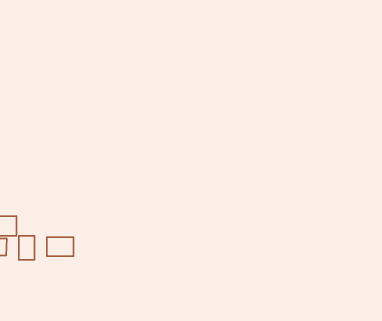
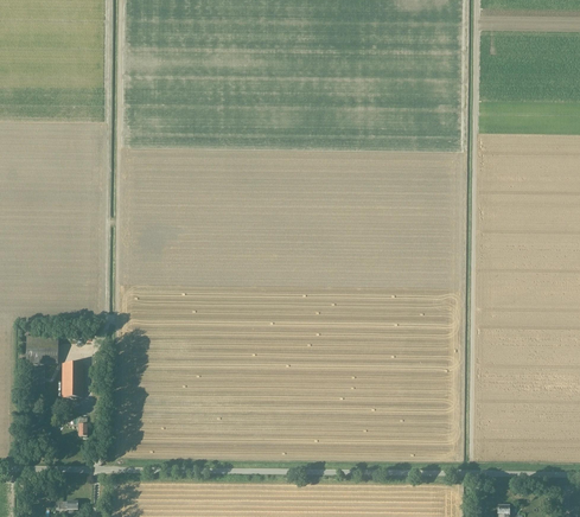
building: [47,237,74,256] -> none

